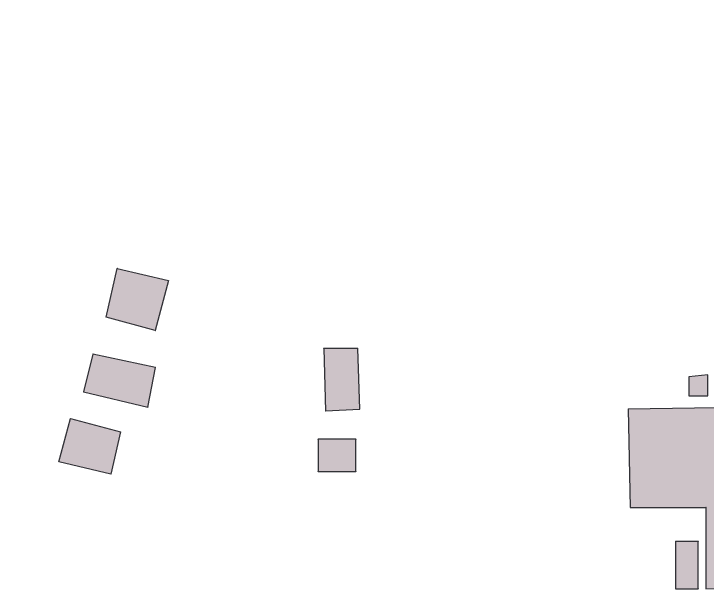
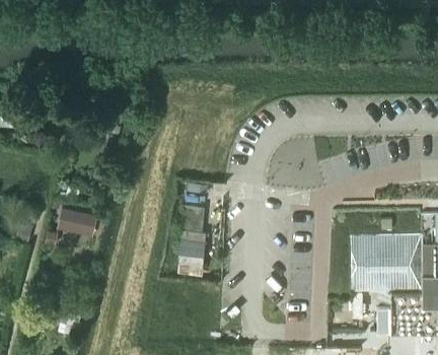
building: [106,268,168,331] -> none
building: [59,419,120,474] -> none

